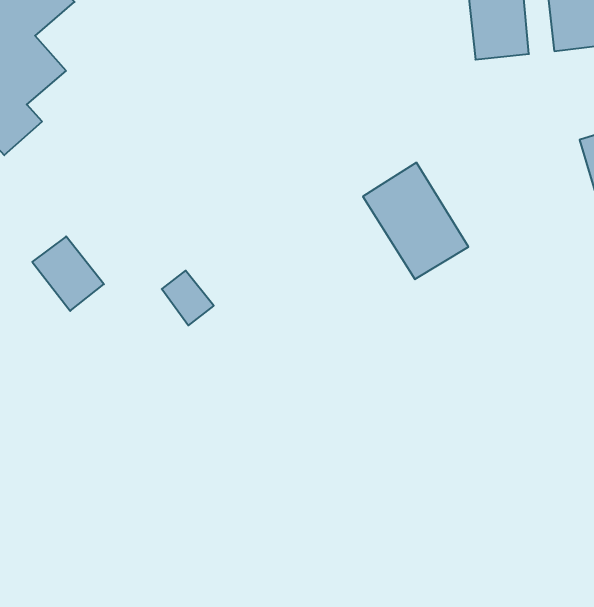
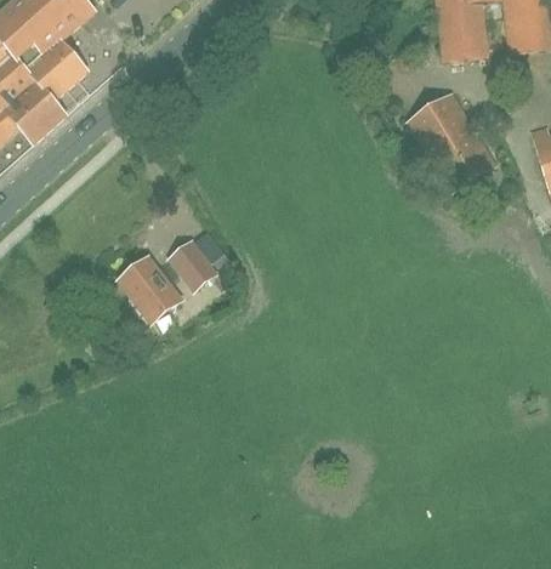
building: [363,163,468,279] -> [407,91,498,192]
building: [32,236,104,311] -> [120,256,182,320]

